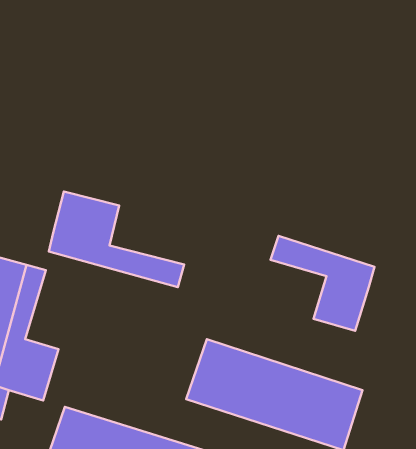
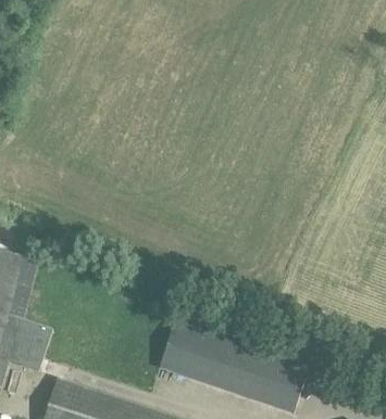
building: [49,192,184,287] -> none
building: [270,236,375,331] -> none

